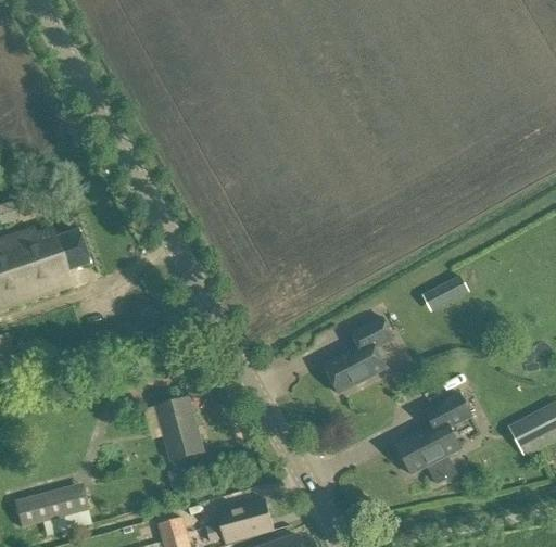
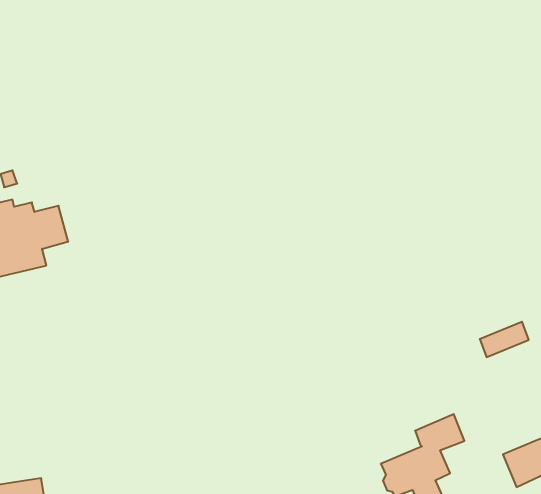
building: [422,277,468,313] -> [480,322,529,357]
building: [324,318,393,394] -> none
building: [156,397,203,460] -> none

